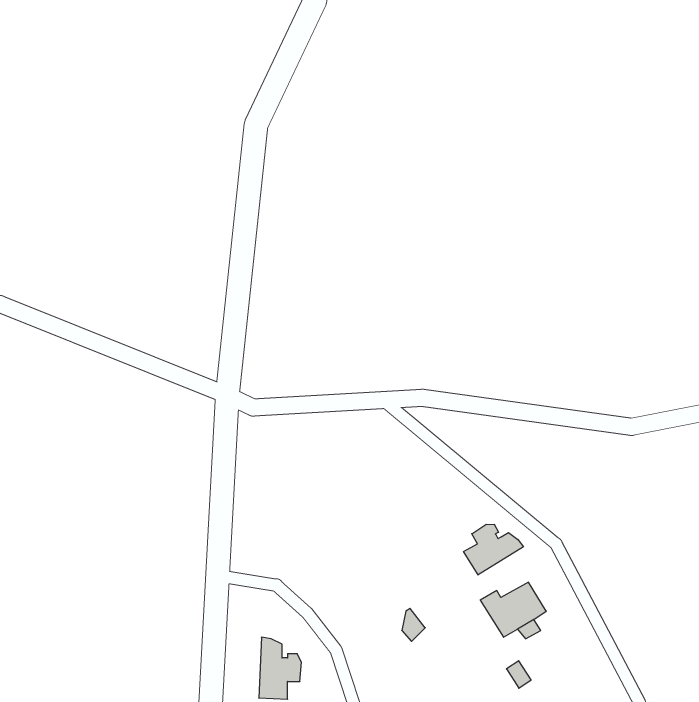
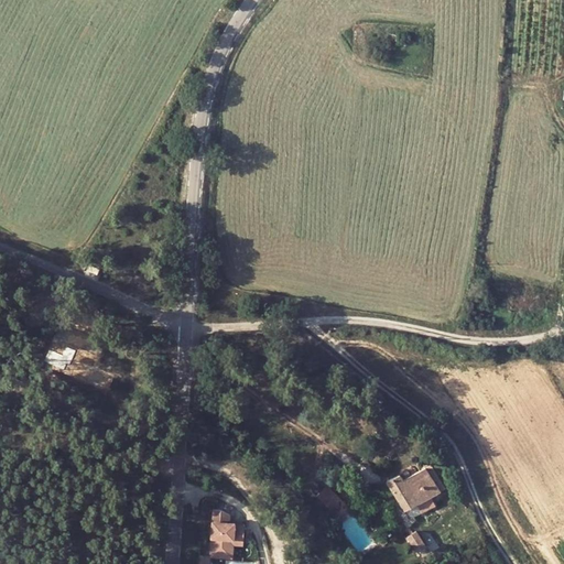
building: [464,524,523,575] -> none

